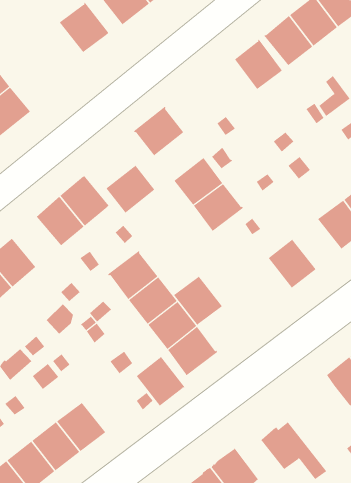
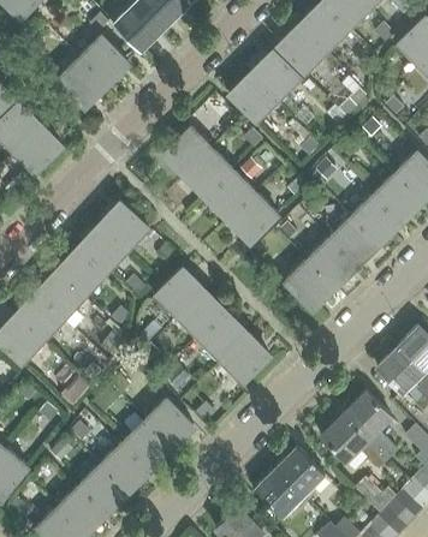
building: none -> [55,58,105,107]
building: none -> [228,73,277,123]
building: [106,165,155,213] -> [185,149,233,197]
building: none -> [58,247,106,296]
building: none -> [328,217,376,265]
building: [173,276,223,325] -> [284,261,333,309]
building: [136,355,186,406] -> [144,398,194,447]
building: none -> [345,392,397,459]

